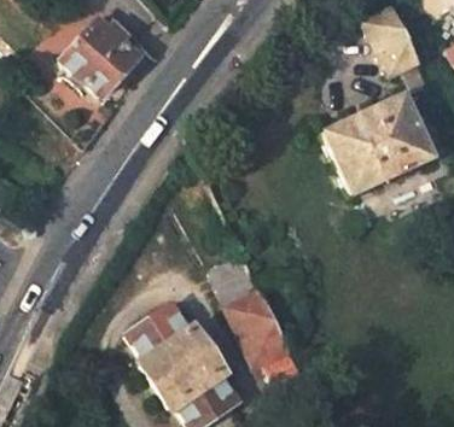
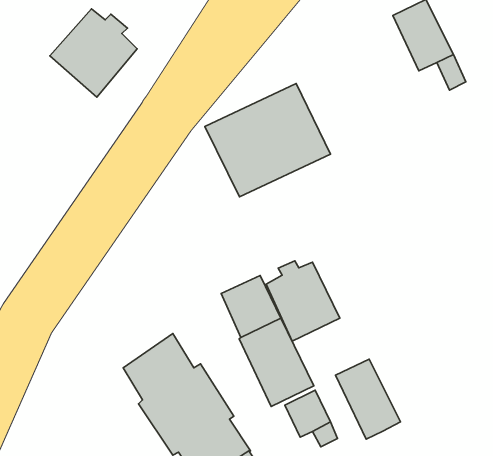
building: [319,96,429,195] -> [205,84,331,197]
building: none -> [266,261,340,341]
building: none -> [336,359,401,439]

